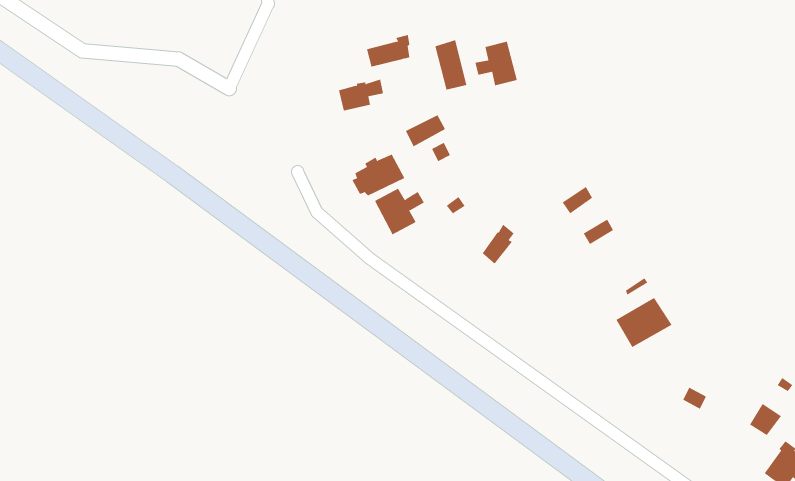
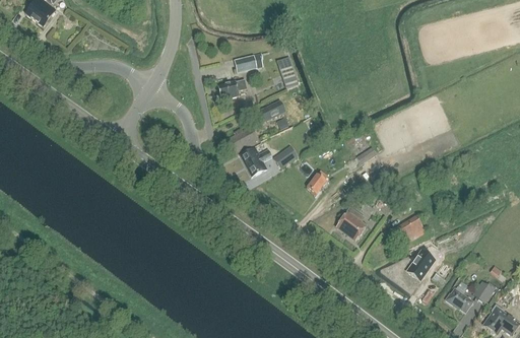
building: [475,41,517,86] -> none
building: none -> [336,207,365,240]
building: none -> [405,250,435,282]
building: none -> [445,286,473,313]

